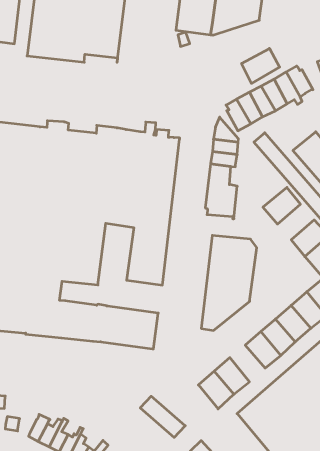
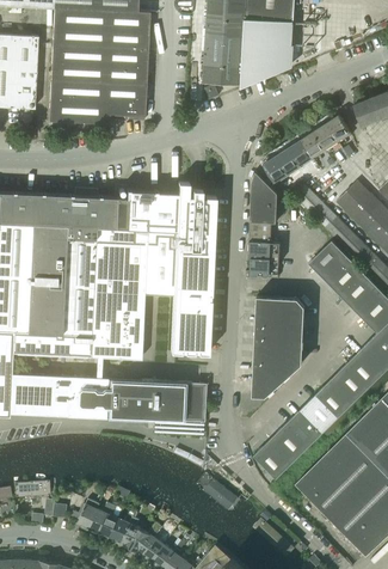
building: [242,48,280,83] -> none
building: none -> [325,258,363,296]
building: none -> [284,411,322,449]

